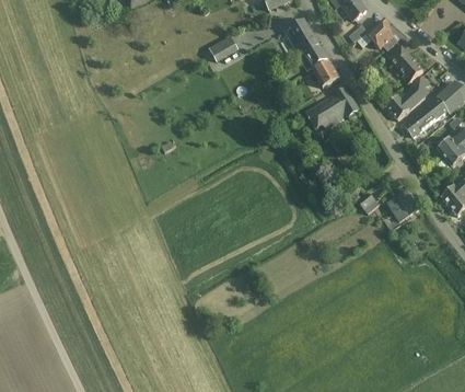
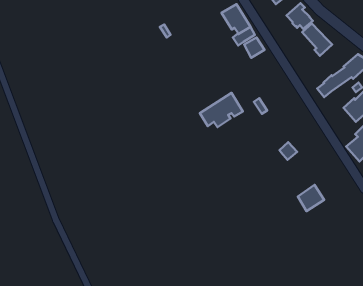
building: [386,76,430,119] -> none
building: [305,85,359,128] -> [200,93,243,127]
building: [388,188,421,221] -> [298,185,324,211]

